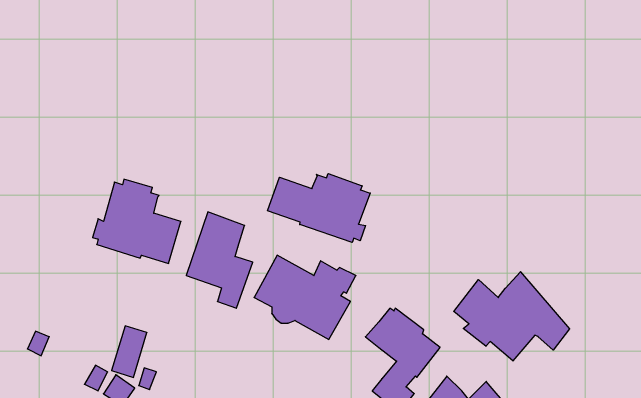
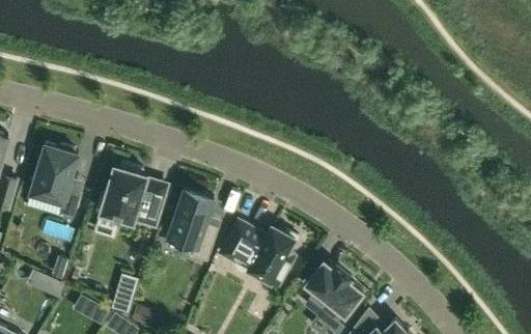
building: none -> [30,145,82,217]
building: [268,174,370,242] -> none
building: [454,272,570,361] -> none

